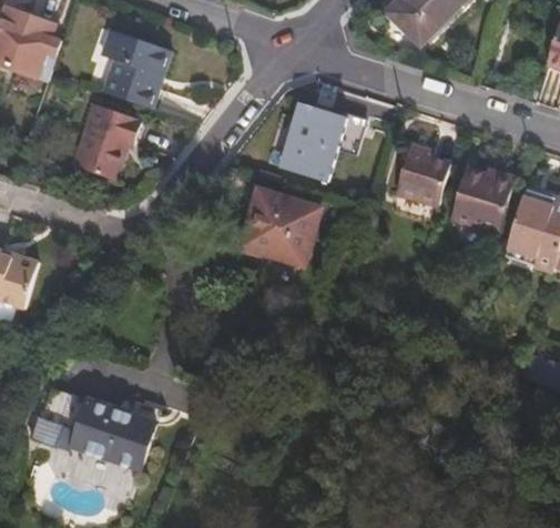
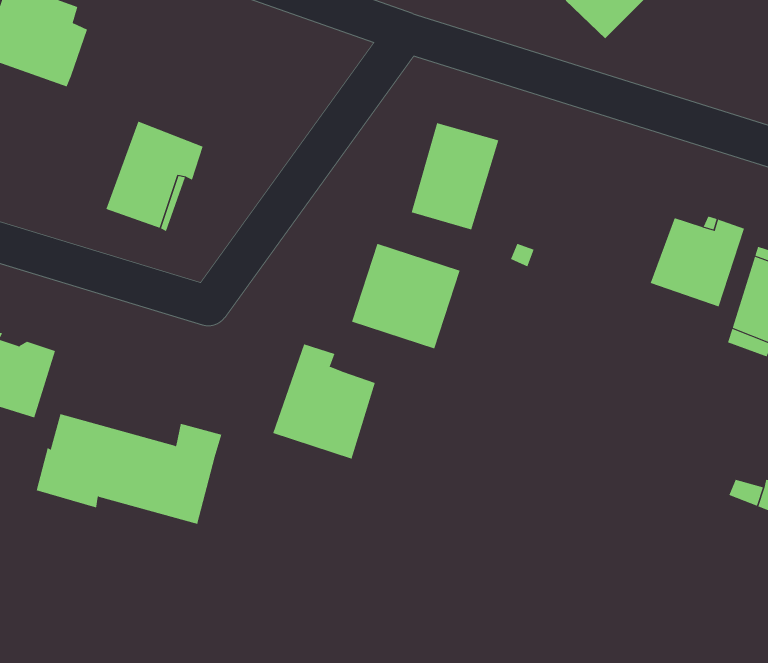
building: [103,28,173,106] -> none
building: [396,146,450,204] -> none
building: none -> [272,344,376,460]
building: [27,392,155,468] -> [36,414,222,524]

